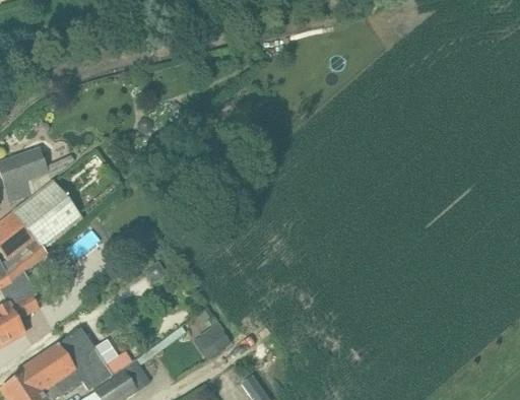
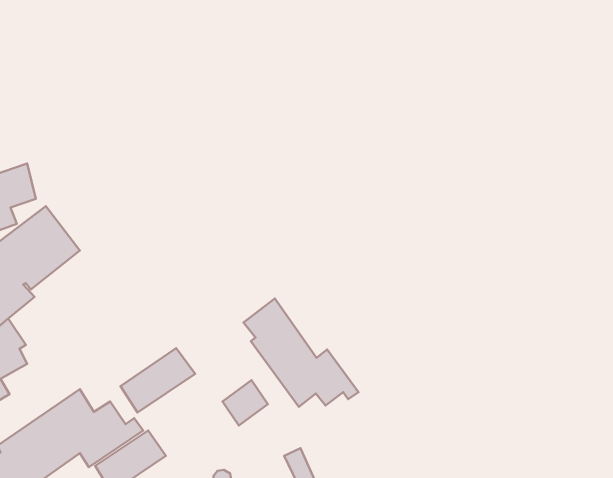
building: none -> [243,299,359,407]
building: none -> [120,348,195,413]

